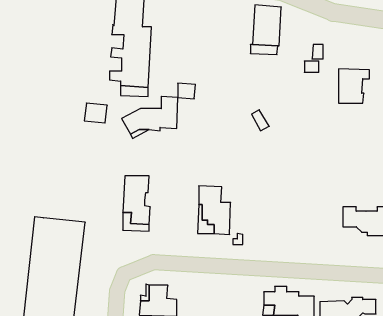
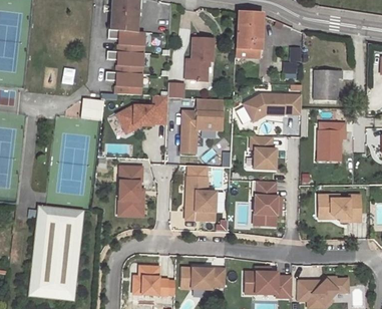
building: none -> [189,35,215,76]
building: none -> [244,93,302,121]
building: none -> [181,96,223,151]
building: none -> [318,130,346,161]
building: none -> [251,135,276,169]
building: none -> [256,181,283,225]
building: none -> [194,268,228,289]

